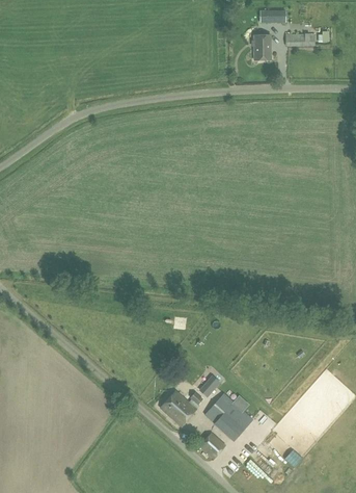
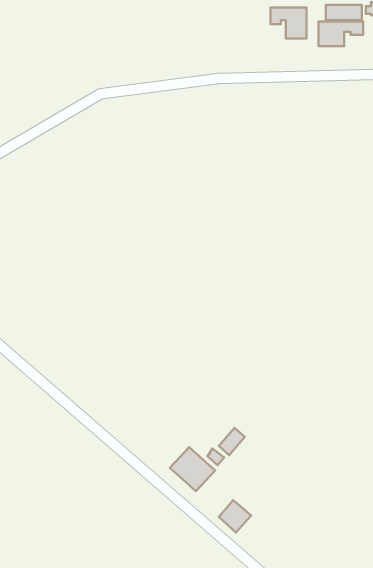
building: none -> [318,22,363,46]
building: [203,391,253,440] -> none

